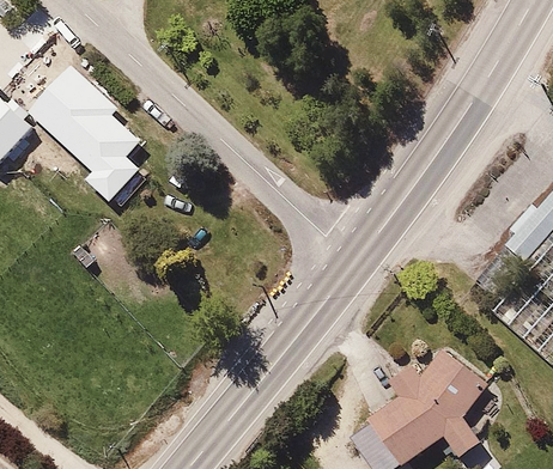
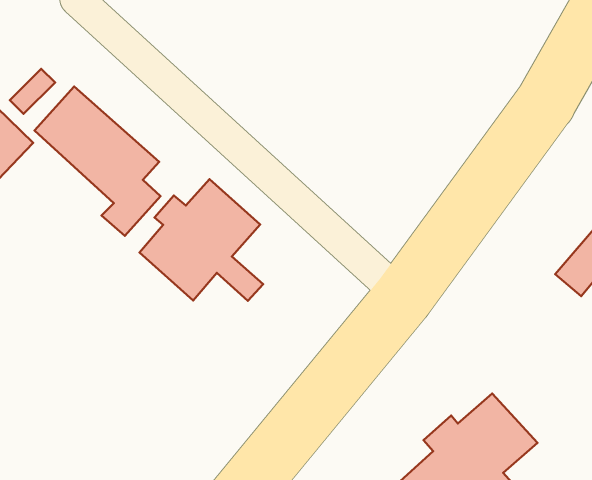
building: none -> [140,179,263,301]

